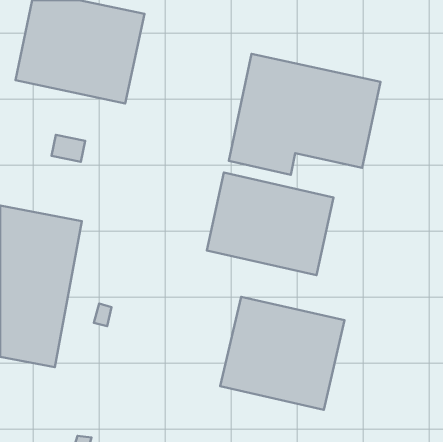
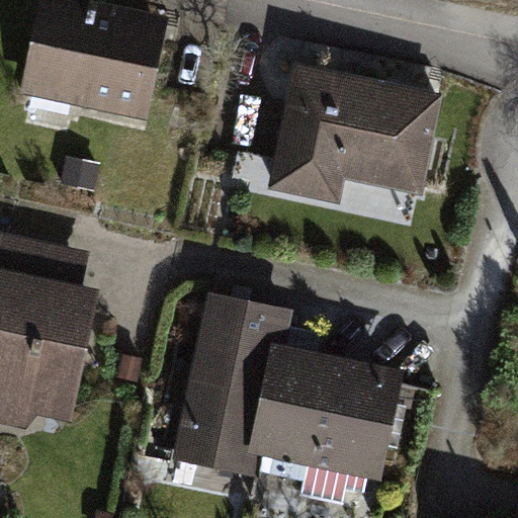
building: [207,173,333,275] -> none
building: none -> [163,288,290,480]

